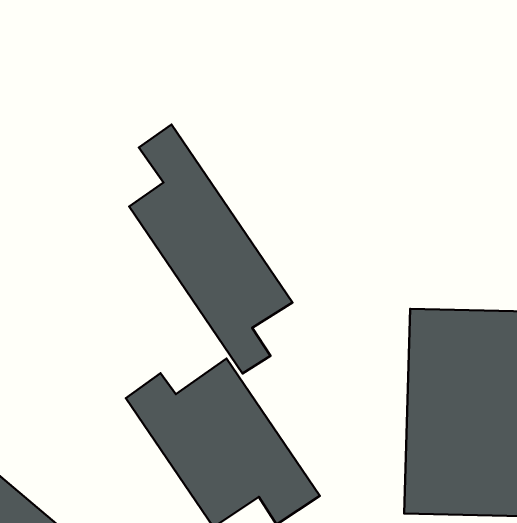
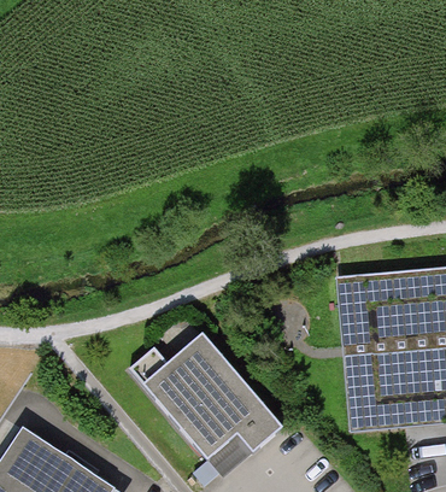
building: [129,124,292,374] -> none

